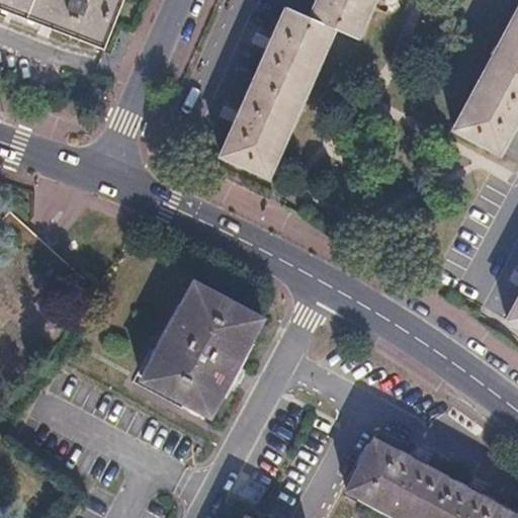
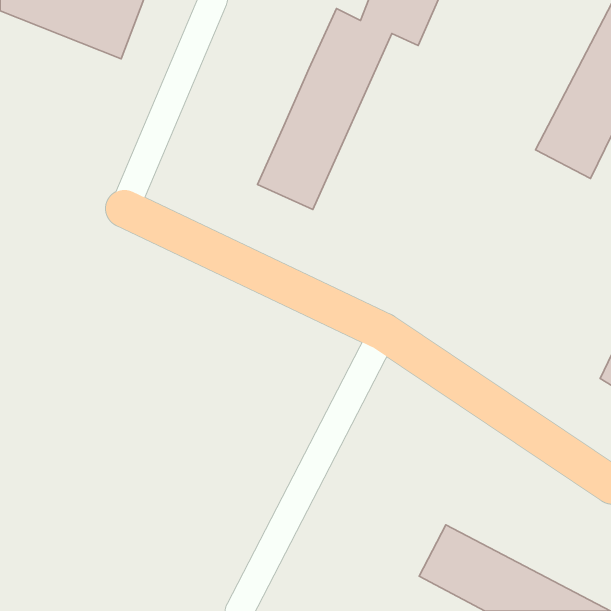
building: [146,281,263,414] -> none

